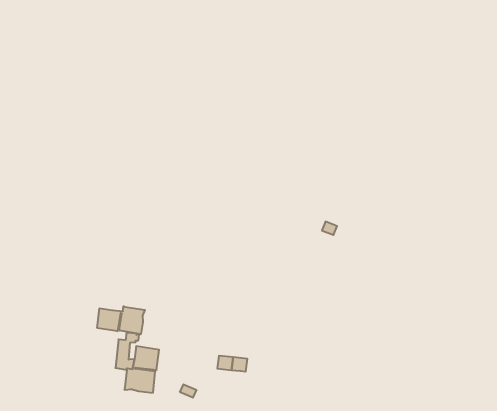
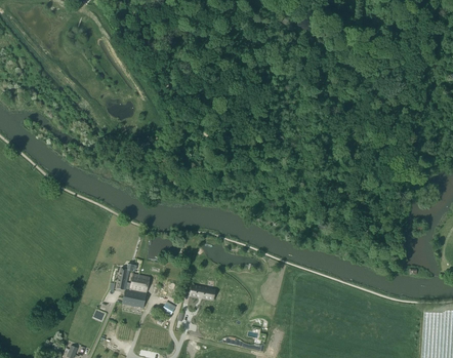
building: [97,306,145,334] -> none

